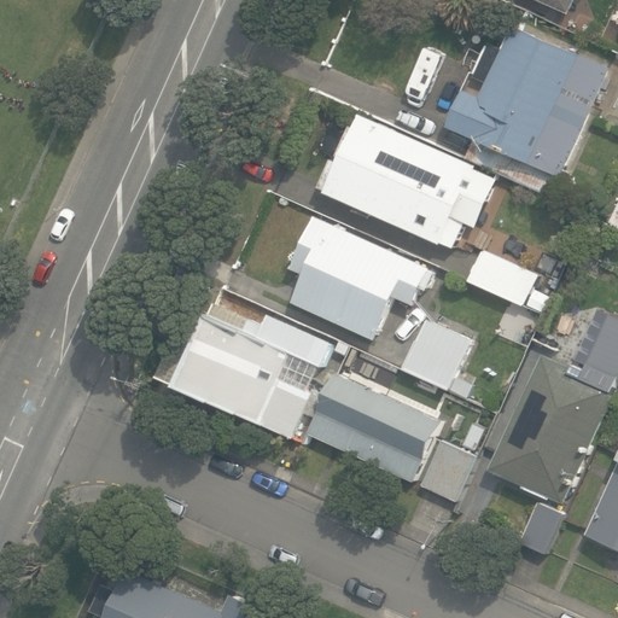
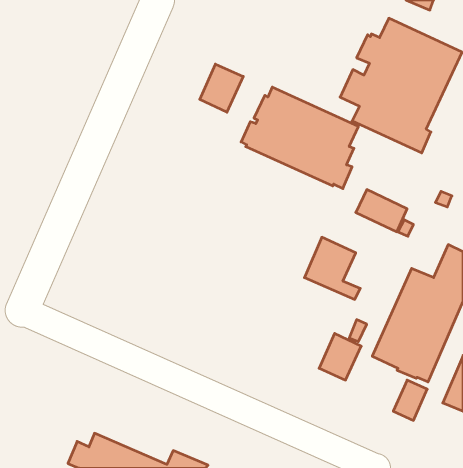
building: none -> [200,64,243,112]
building: [288,217,432,340] -> none
building: [153,302,331,436] -> none
building: [308,373,441,482] -> none

